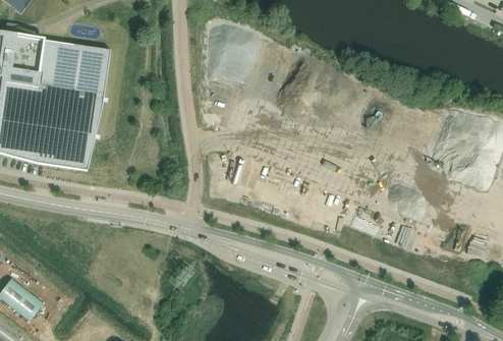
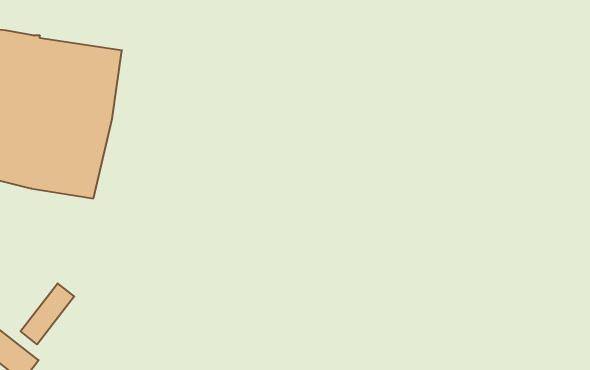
building: none -> [21,283,74,344]

